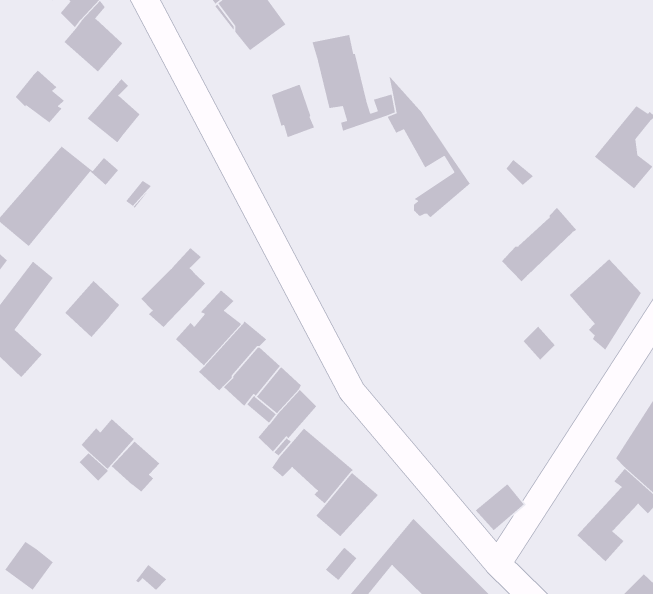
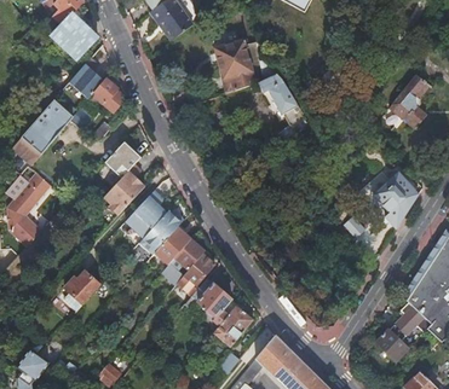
building: [15,70,65,124] -> [92,77,123,111]
building: [271,84,315,138] -> none
building: [501,207,577,282] -> none
building: [65,280,120,338] -> [105,141,140,178]
building: [111,441,160,493] -> none

